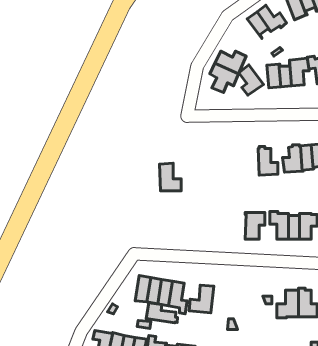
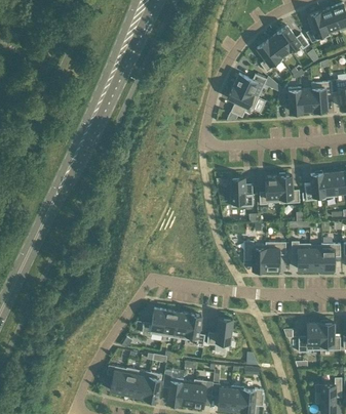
building: [239,65,264,95] -> [257,40,282,72]
building: none -> [259,175,279,204]
building: [160,163,181,191] -> [230,177,253,206]
building: none -> [243,241,266,270]
building: [146,303,178,323] -> none

